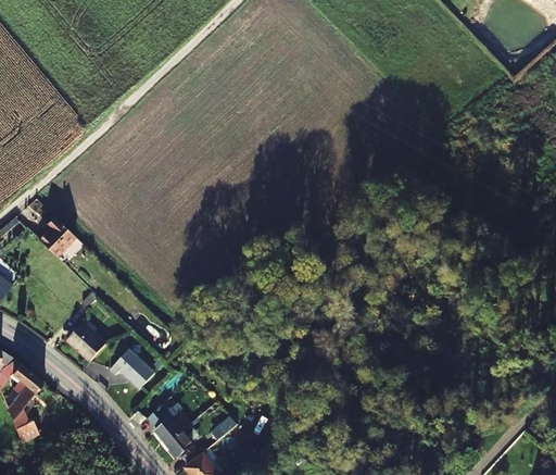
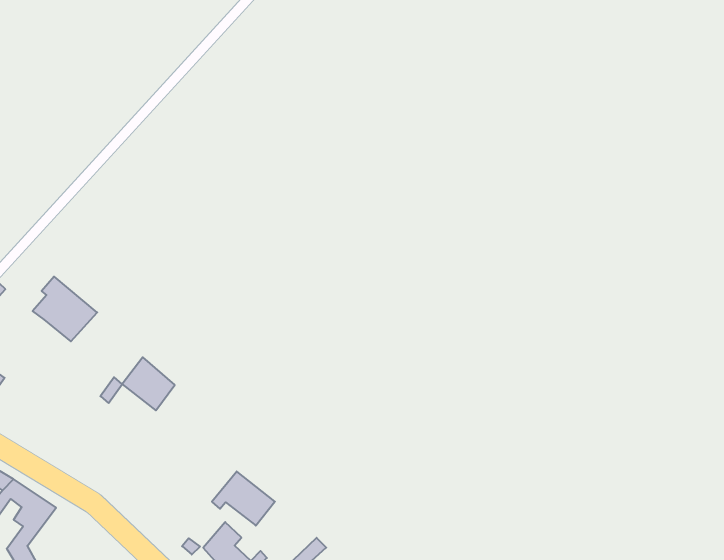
building: [66,322,104,361] -> [122,357,175,410]
building: [109,349,154,389] -> [212,471,275,526]

